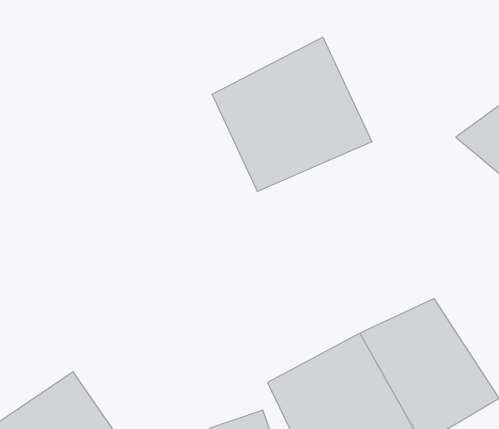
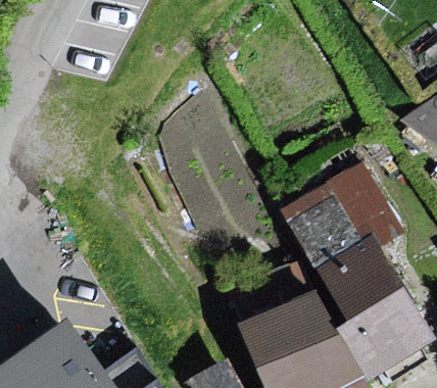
building: [212,37,372,192] -> none
building: none -> [283,162,404,287]

